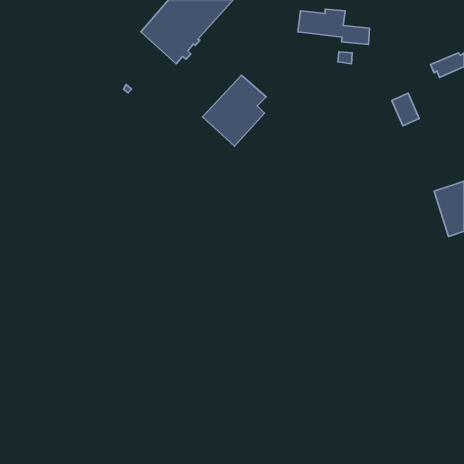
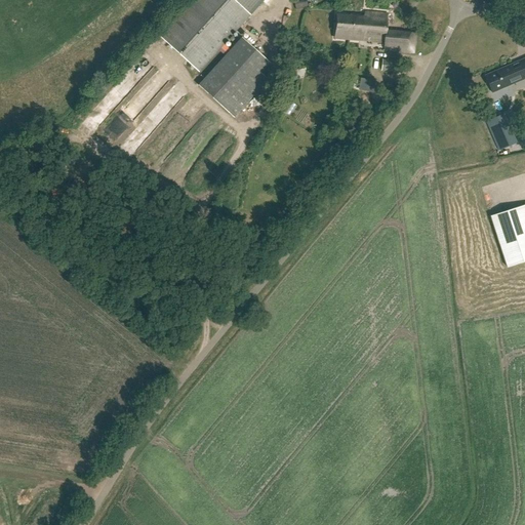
building: [203,75,266,146] -> [198,37,270,117]
building: [392,93,419,126] -> [486,113,517,150]

